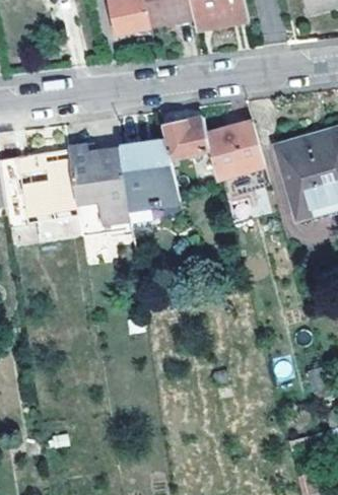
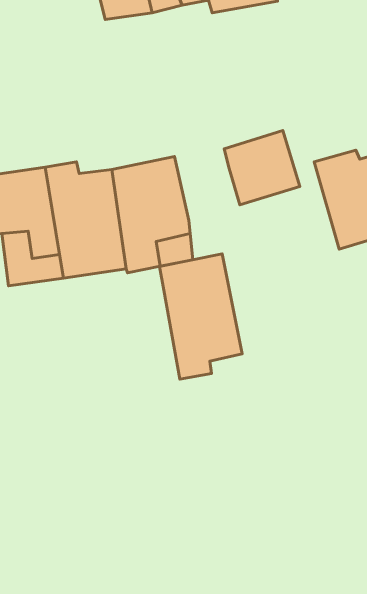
building: [162,118,209,157] -> none
building: none -> [160,254,242,379]

